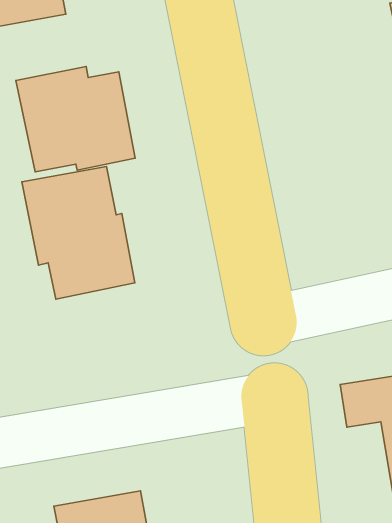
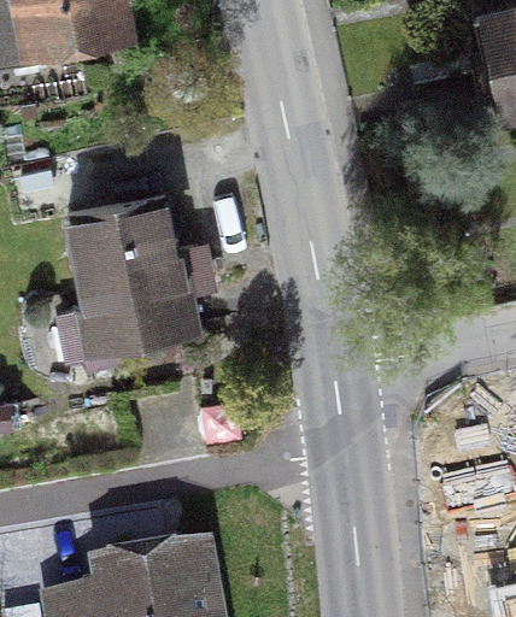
building: [16,67,135,172] -> none

